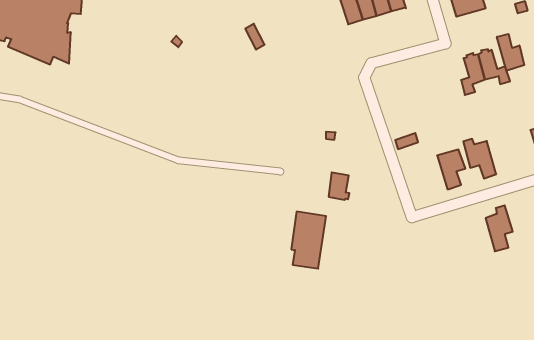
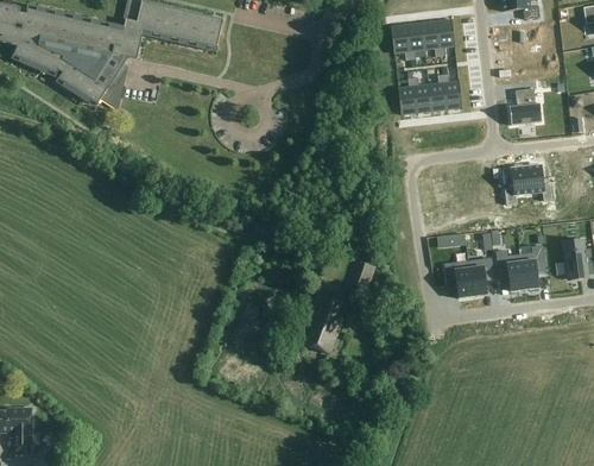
building: [497,34,524,71] -> none
building: none -> [446,259,473,296]
building: [486,205,513,251] -> [520,244,545,288]

